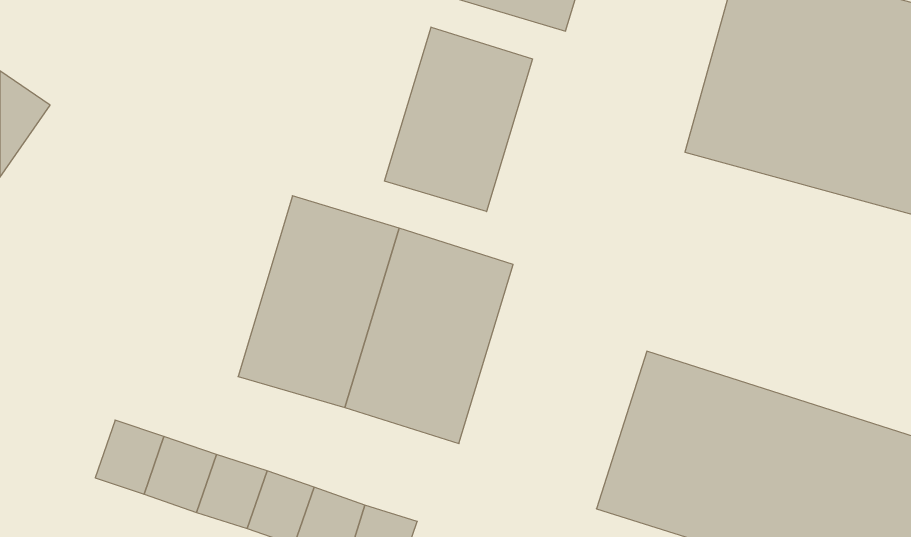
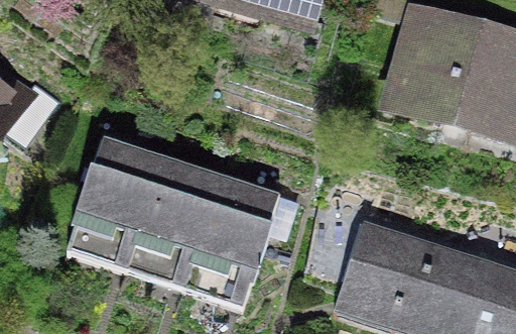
building: [384,27,532,212] -> none
building: none -> [74,121,163,240]

